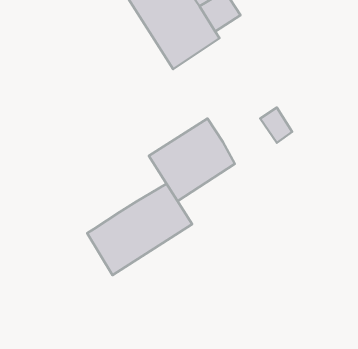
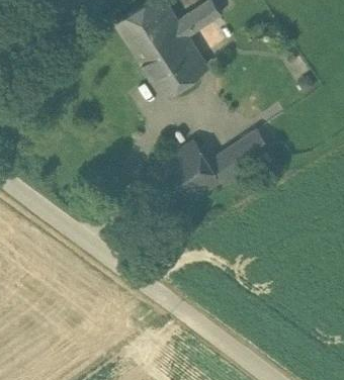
building: none -> [208,138,258,183]
building: [87,183,192,275] -> none

